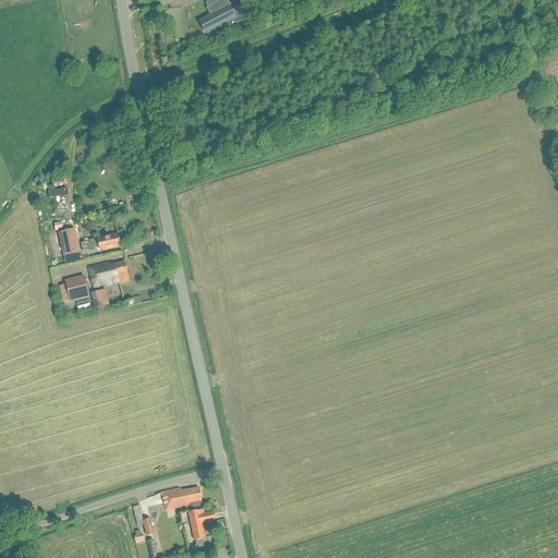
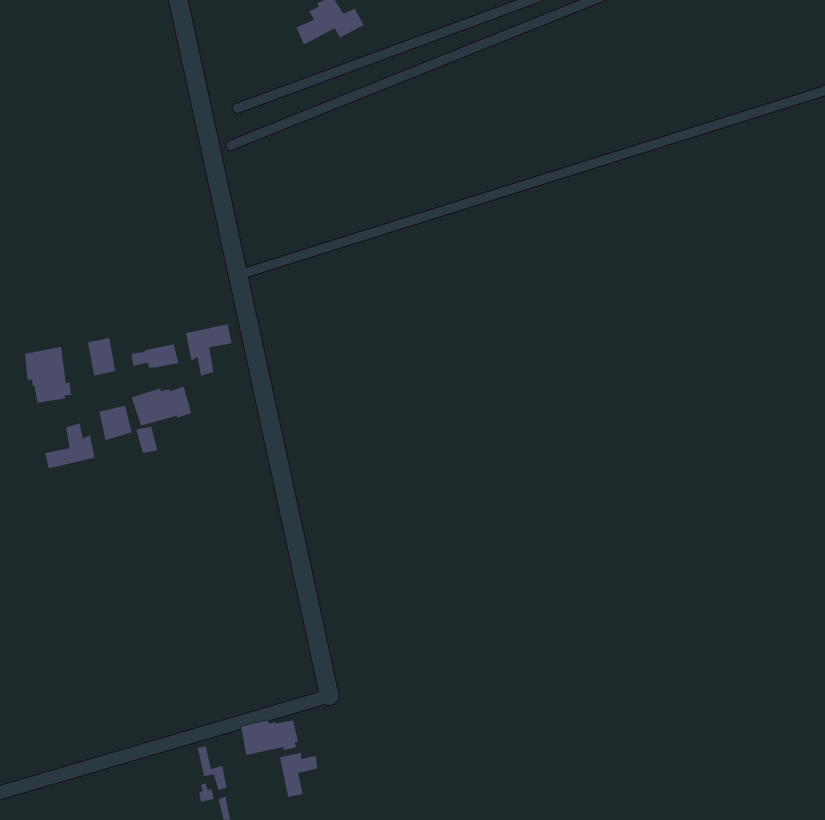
building: none -> [185,324,232,376]
building: none -> [24,346,72,403]
building: none -> [44,422,95,469]

